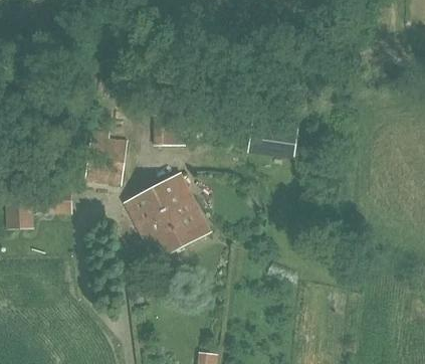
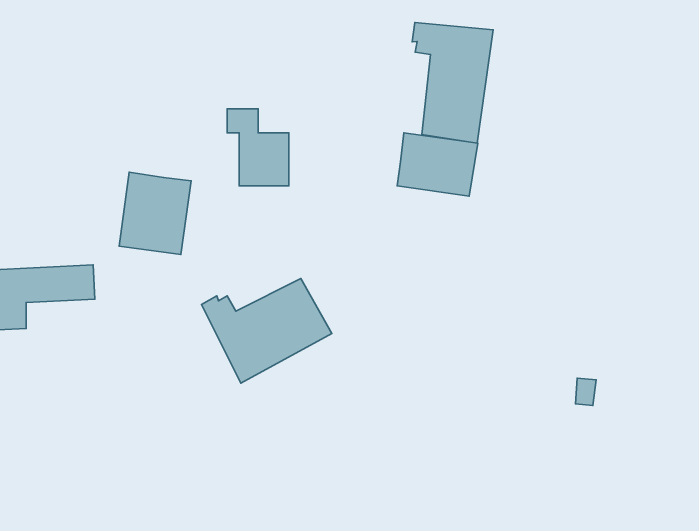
building: none -> [412,22,493,143]
building: [127,175,191,218] -> none

